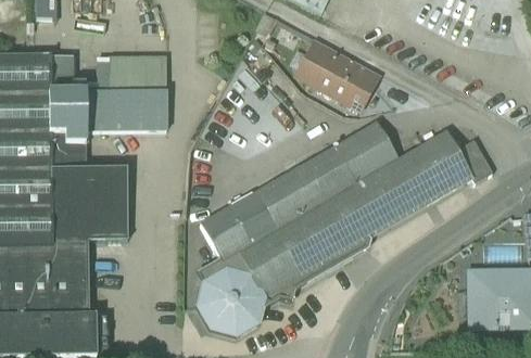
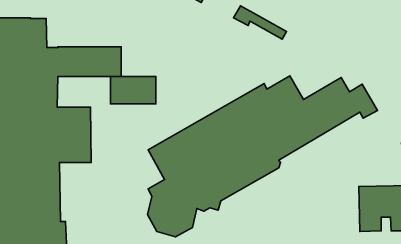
building: [296,39,372,107] -> none
building: [108,56,165,91] -> [111,77,156,104]

